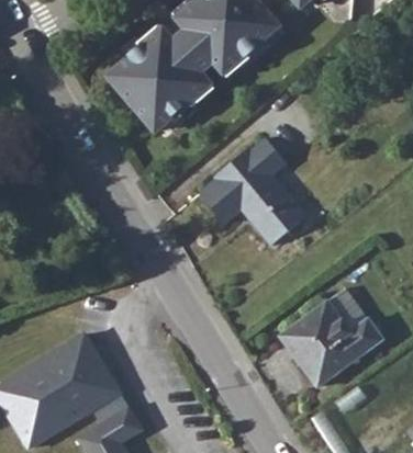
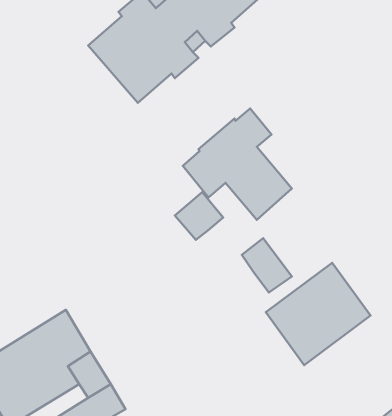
building: none -> [175,192,223,240]
building: none -> [242,238,292,293]

